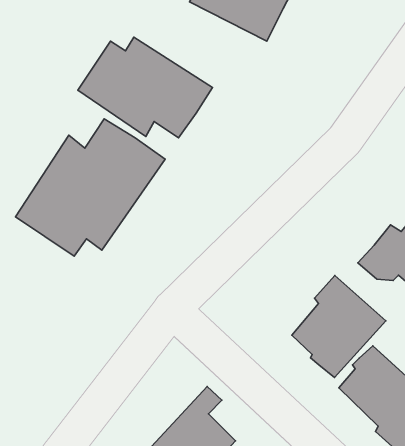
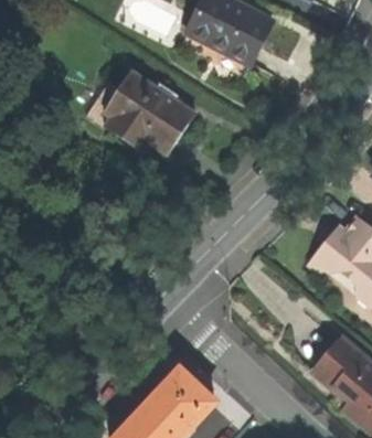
building: [15,119,165,256] -> none
building: [292,275,386,377] -> none

